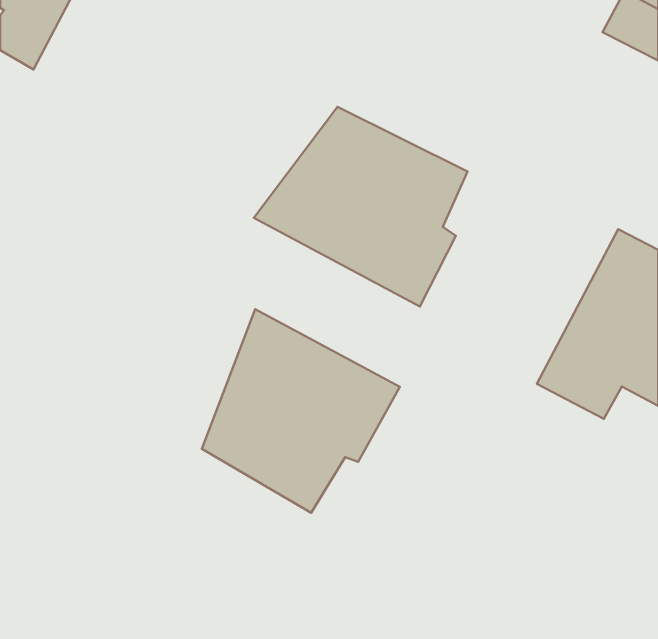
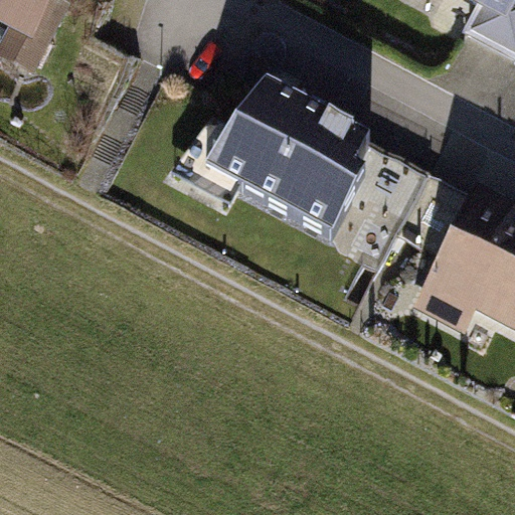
building: [202,309,400,513] -> none

